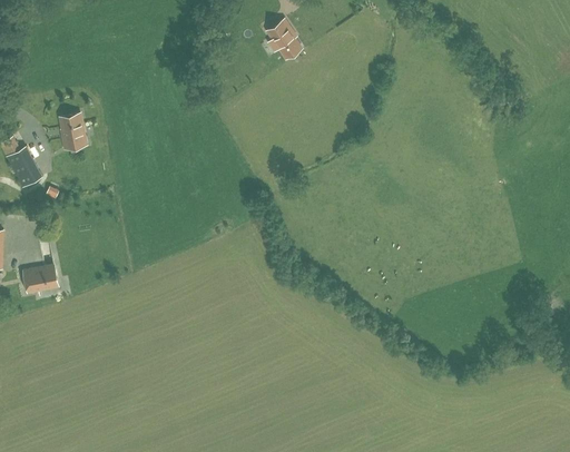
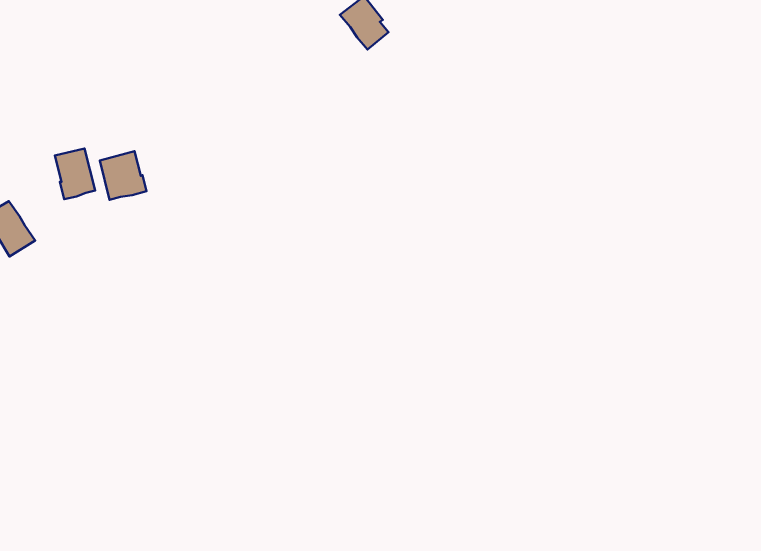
building: none -> [100,151,146,200]
building: [23,265,58,292] -> none

